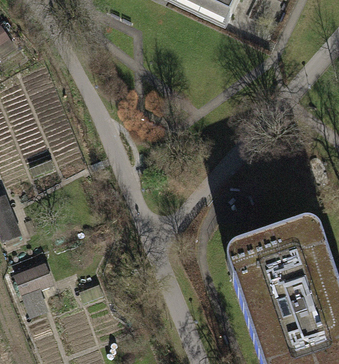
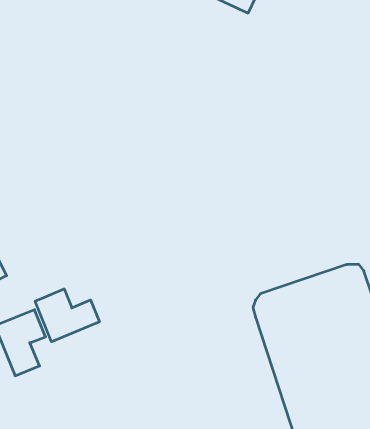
building: none -> [35,289,99,342]

